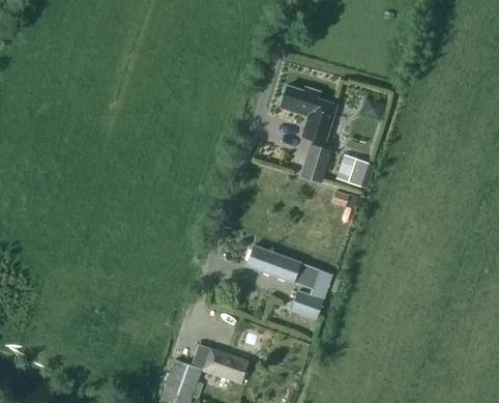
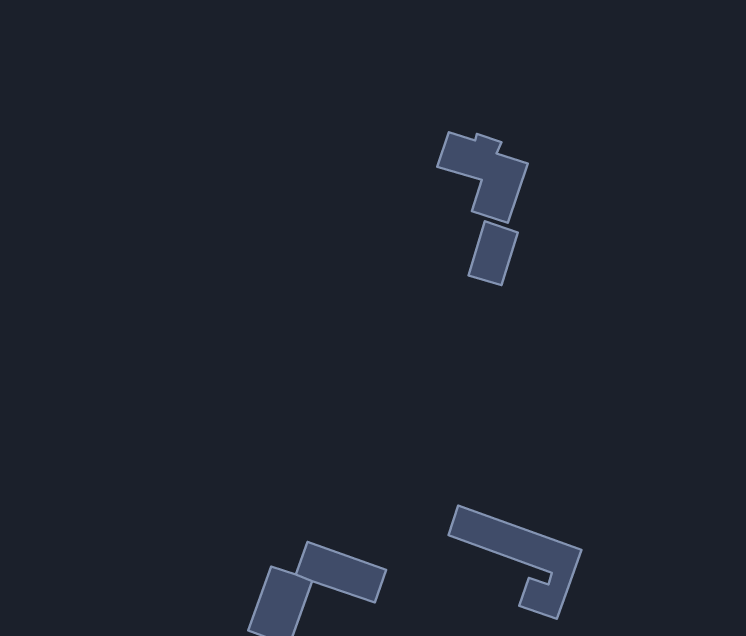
building: [336,153,374,186] -> none
building: [246,246,330,317] -> [448,506,582,619]

